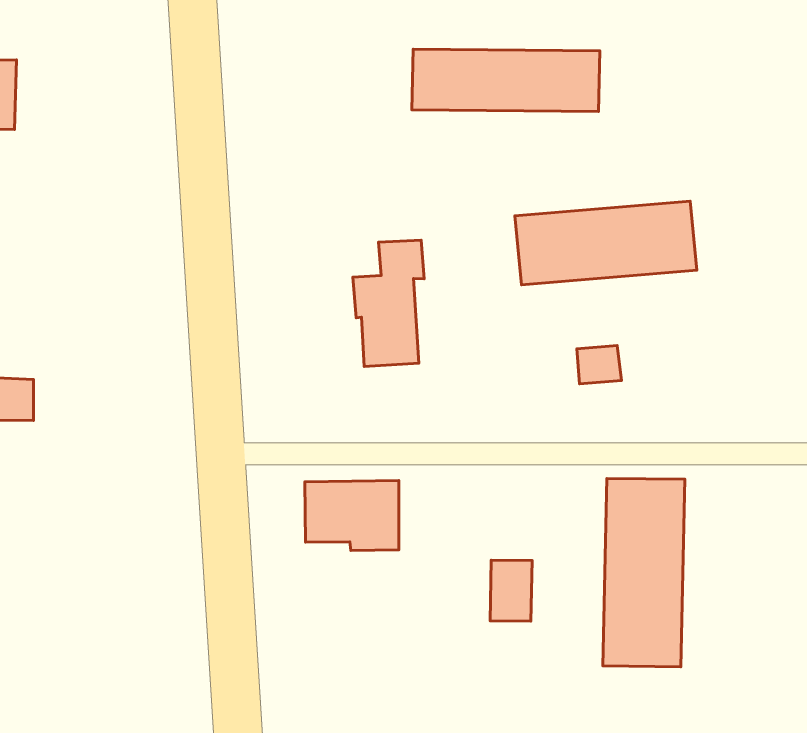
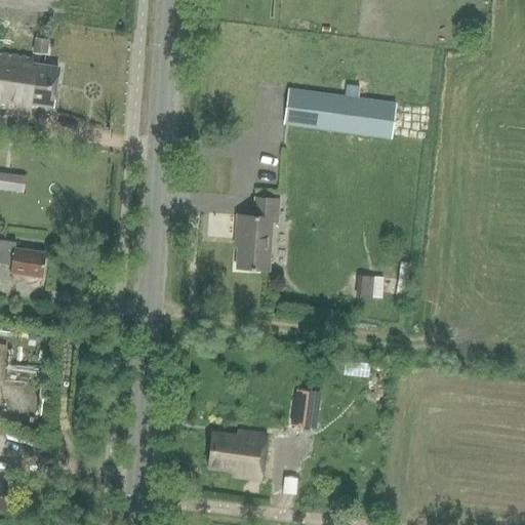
building: [515,201,697,285] -> none
building: [603,478,685,667] -> none
building: [305,481,399,551] -> [207,432,266,478]

